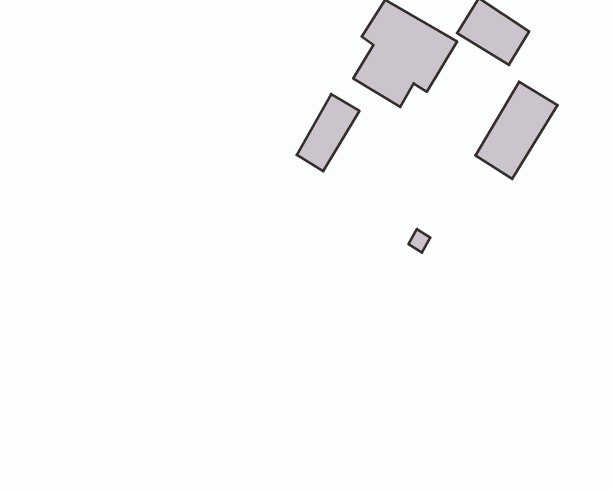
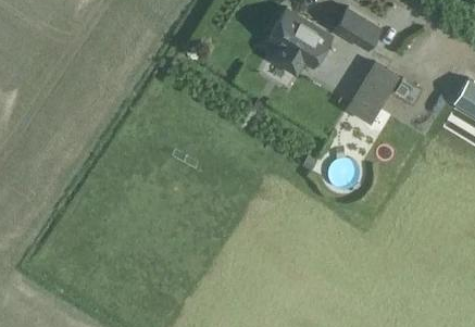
building: [297,94,359,171] -> none

